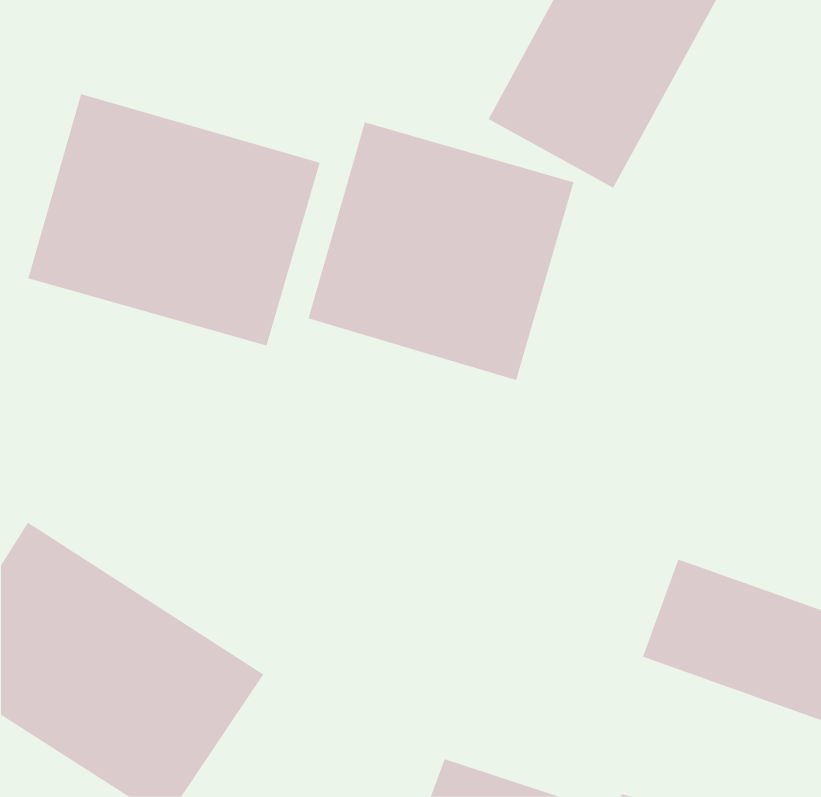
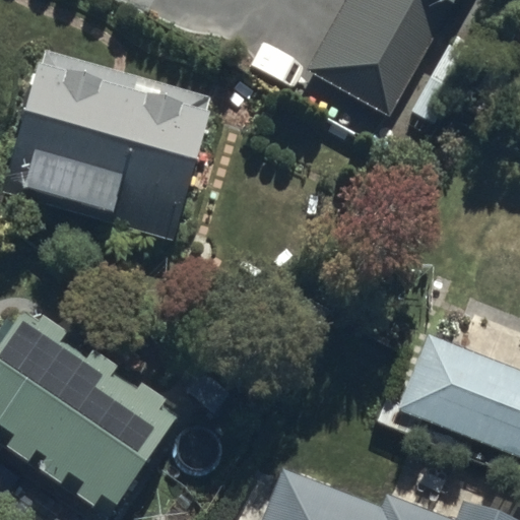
building: [308,121,574,381] -> none

